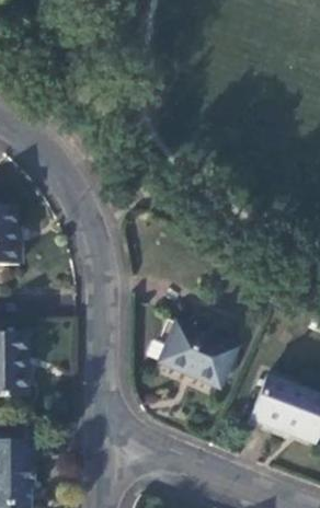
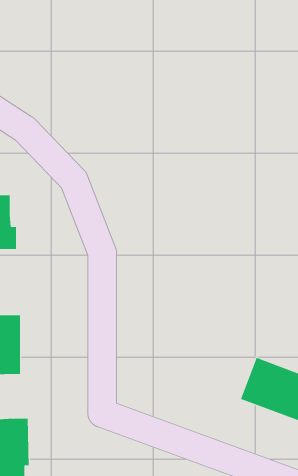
building: [160,322,238,388] -> none

